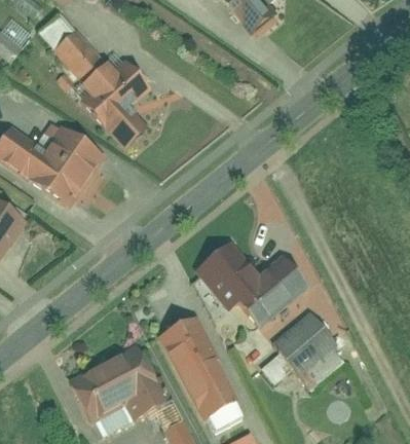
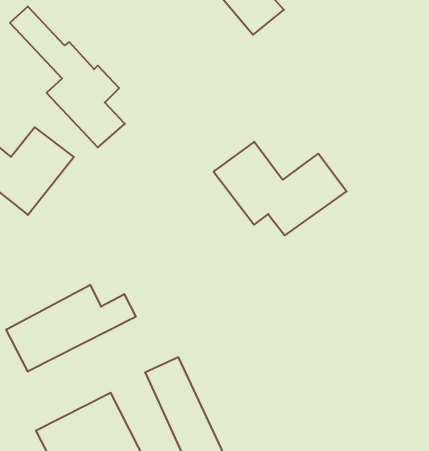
building: [197,243,312,324] -> [214,142,347,235]
building: none -> [6,285,136,372]
building: [266,311,339,382] -> none

